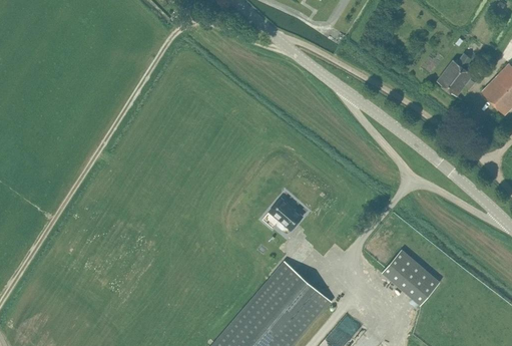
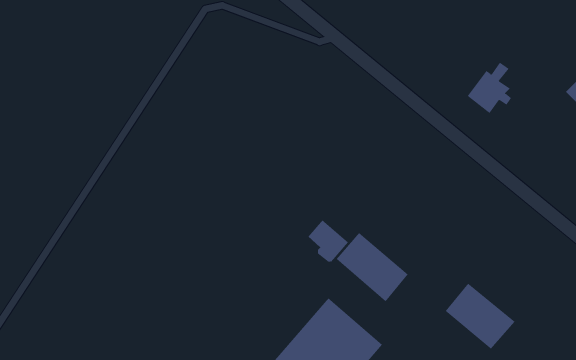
building: [437,52,474,95] -> [467,62,512,114]
building: none -> [336,232,408,302]

